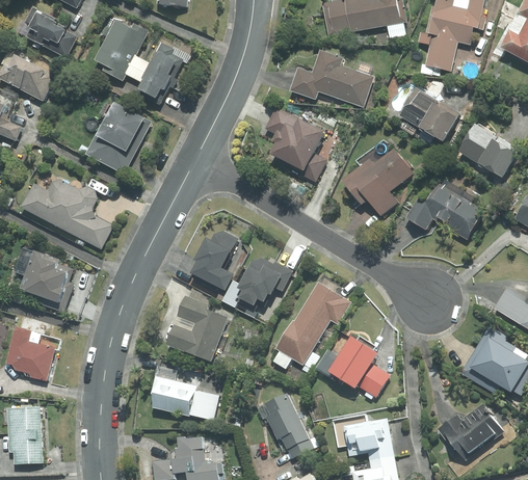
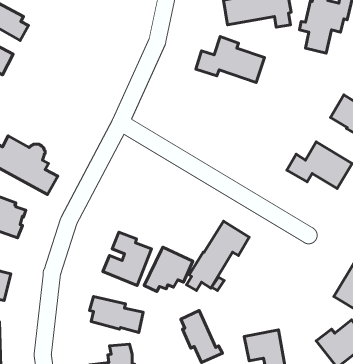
building: [98,14,194,105] -> none
building: [395,92,455,146] -> none
building: [87,102,153,174] -> none
building: [260,108,324,183] -> none
building: [337,152,408,218] -> none
building: [193,238,238,291] -> none
building: [233,251,293,306] -> [144,247,193,291]
building: [334,335,391,399] -> none

